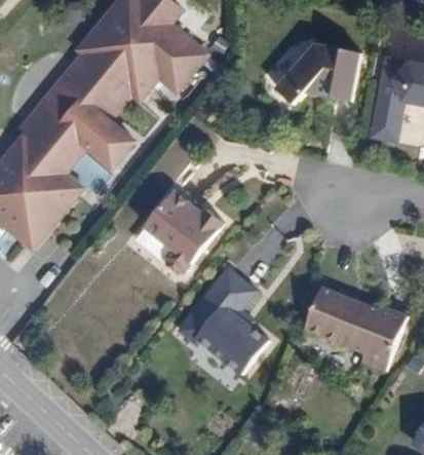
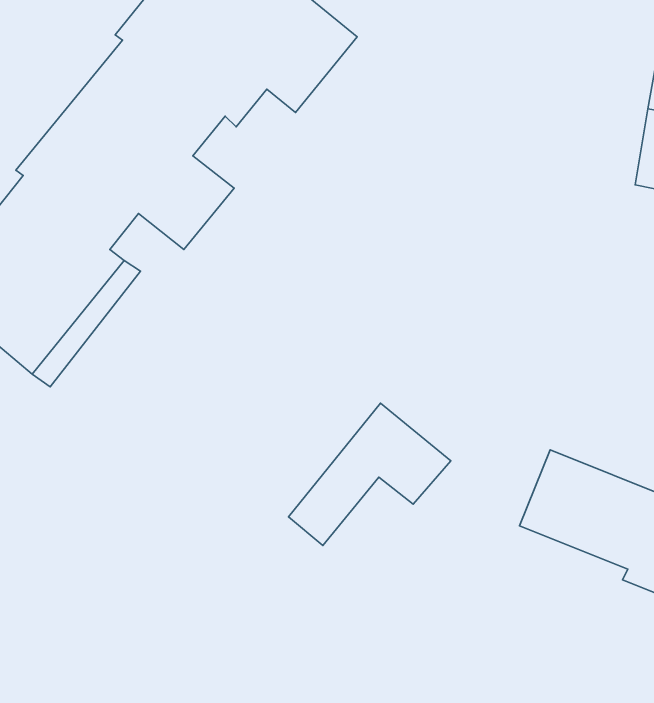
building: [278,44,359,103] -> none
building: [146,186,226,270] -> none
building: [191,303,270,380] -> none

